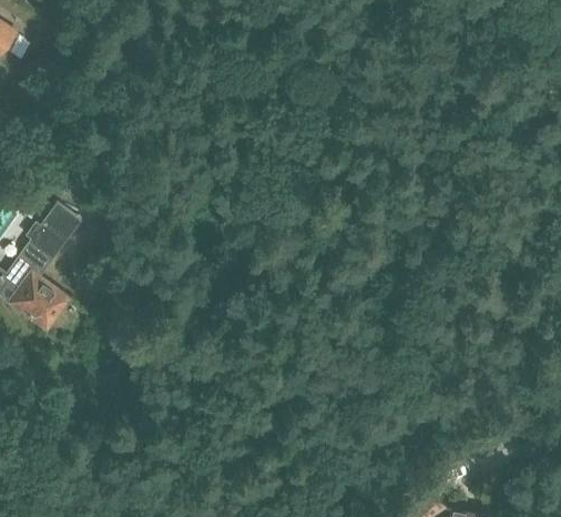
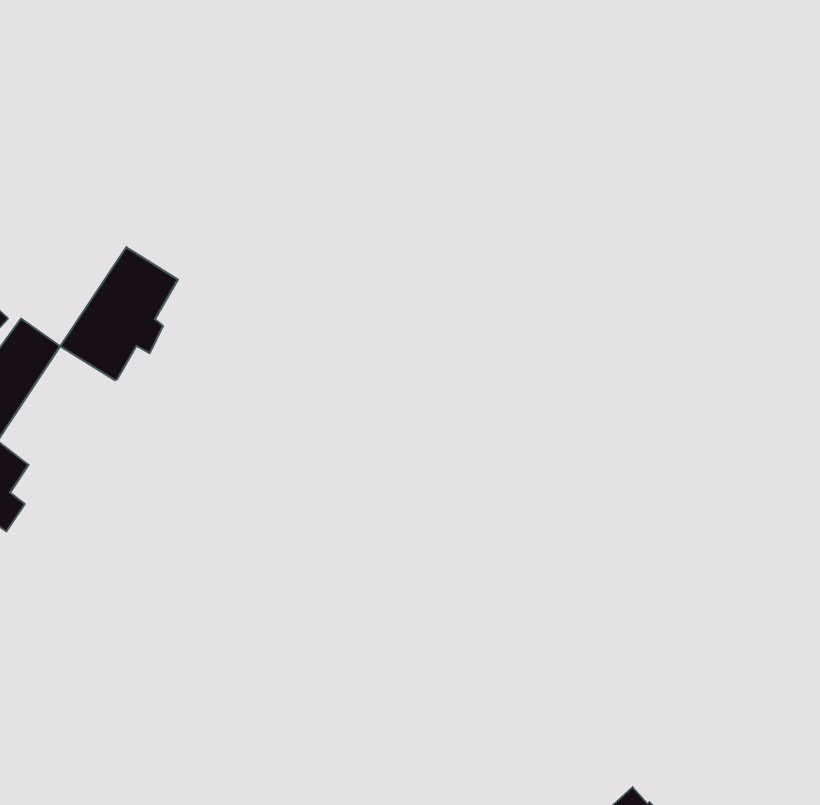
building: none -> [60,247,178,380]

